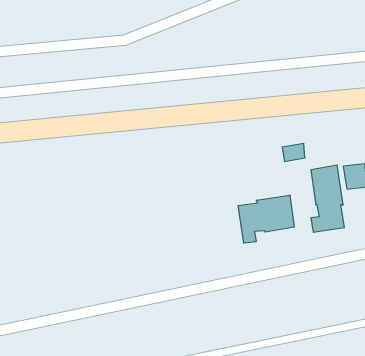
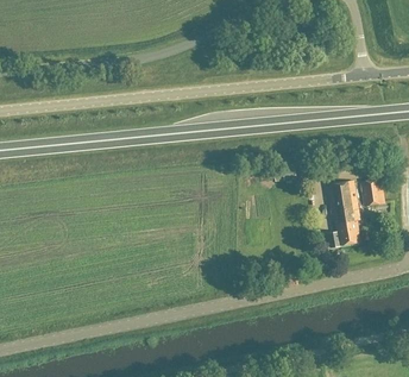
building: [238,195,294,243] -> none

